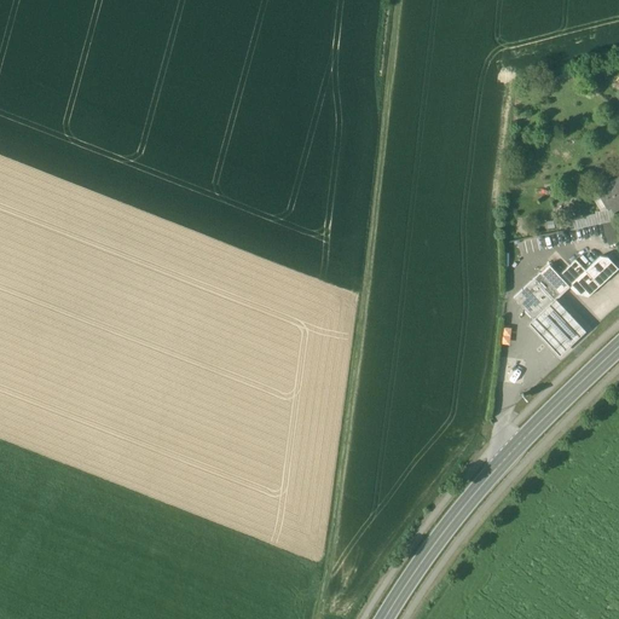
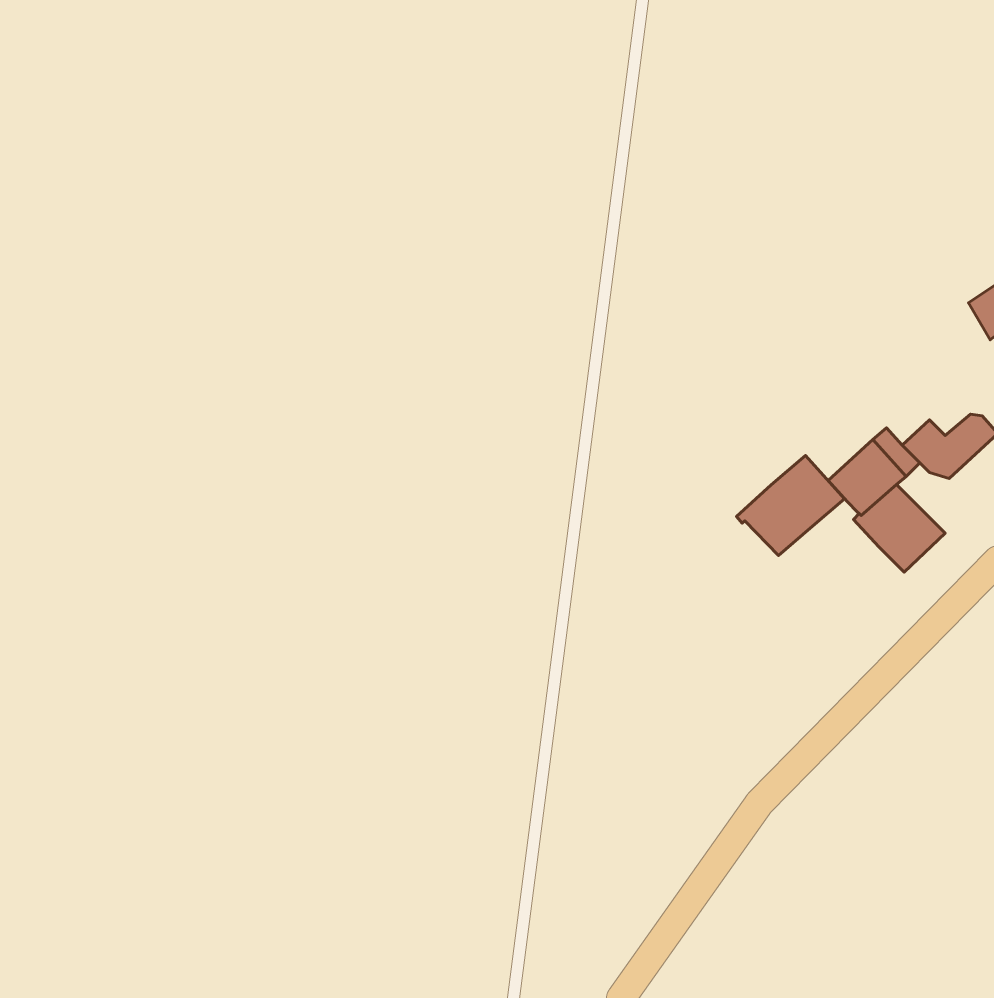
building: none -> [737,455,844,555]

